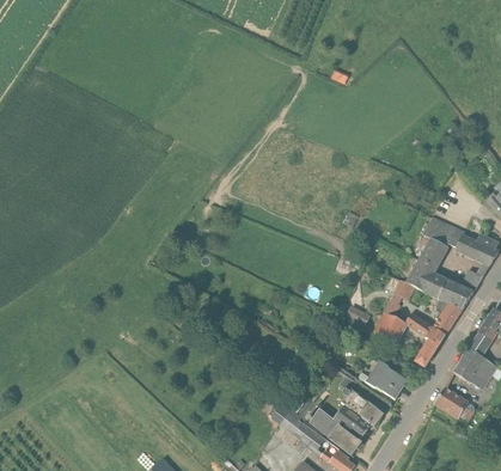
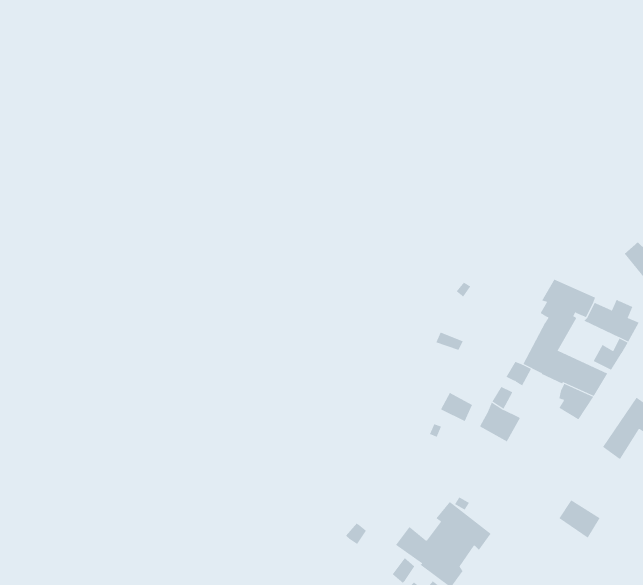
building: [405,313,446,367] -> none
building: [453,347,487,384] -> none
building: [366,360,408,398] -> none

